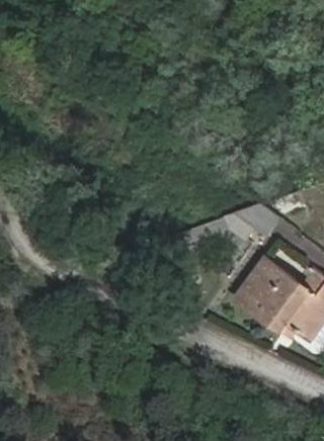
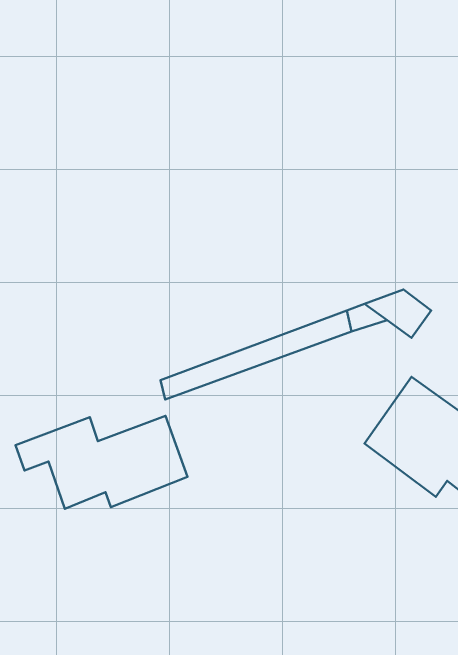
building: none -> [15,416,187,509]

